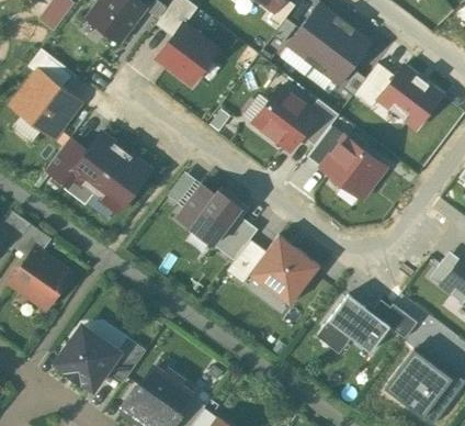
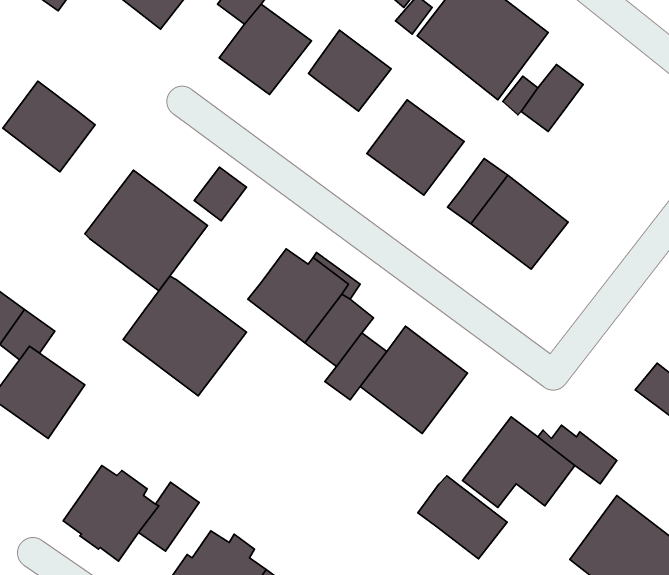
building: none -> [309,30,391,111]
building: [29,49,73,96] -> none
building: [379,67,442,128] -> none
building: [302,100,339,147] -> none
building: [47,138,88,187] -> none
building: [168,172,202,208] -> [194,167,246,221]
building: none -> [123,276,247,396]
building: none -> [418,476,507,559]

